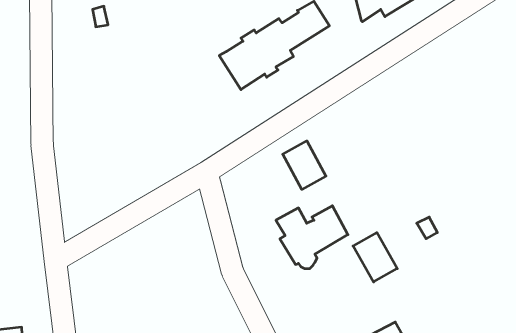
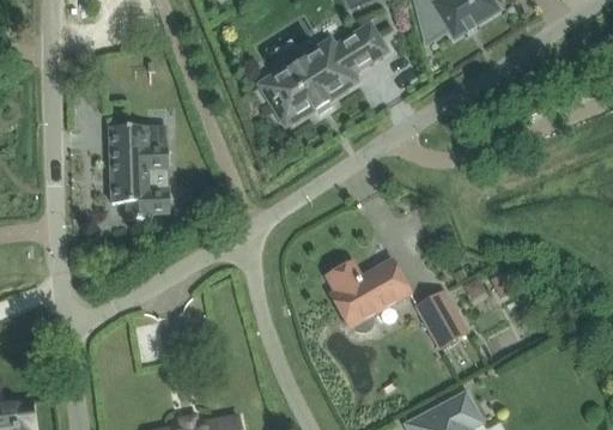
building: none -> [109,125,169,218]
building: [283,141,326,189] -> none

